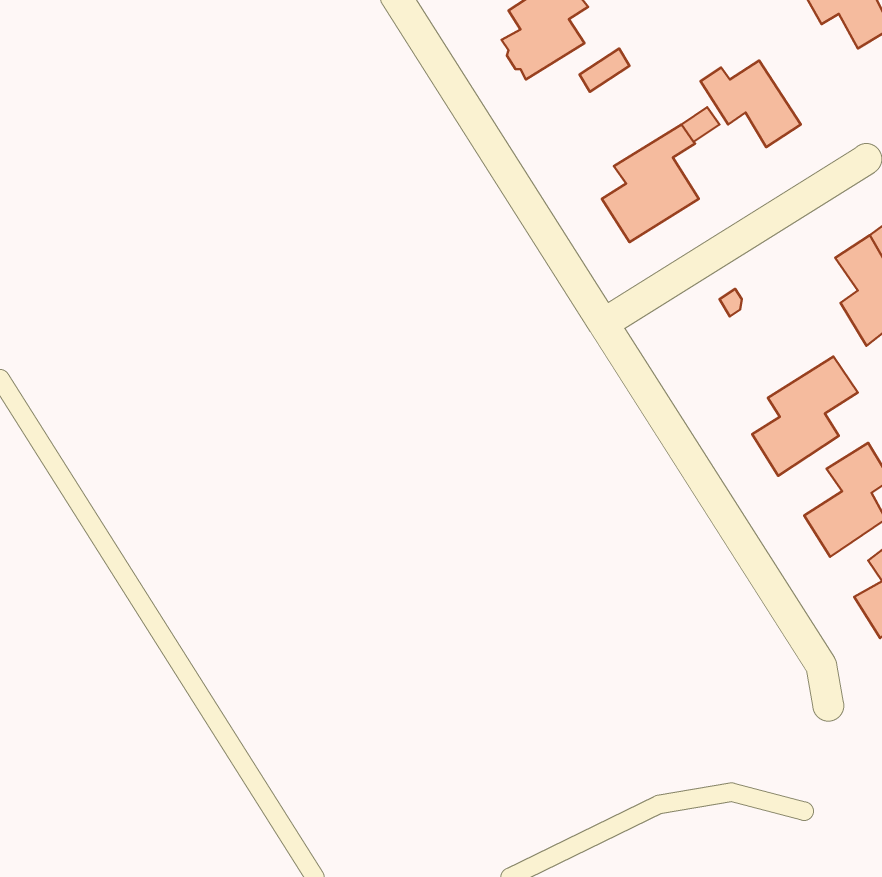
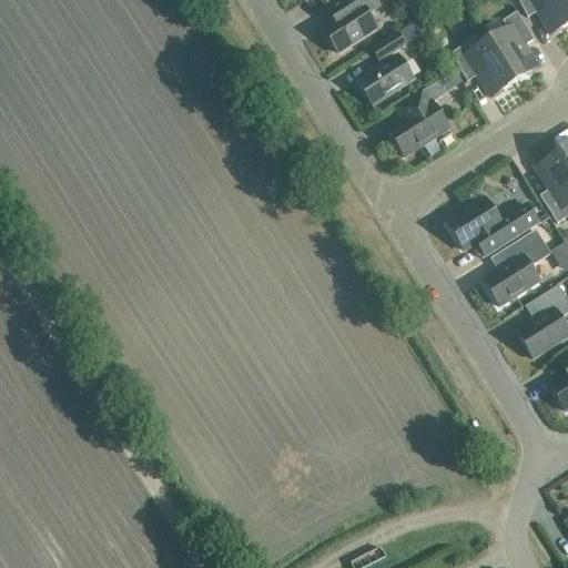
building: none -> [488,10,537,80]
building: none -> [357,53,414,104]
building: none -> [447,197,538,248]

